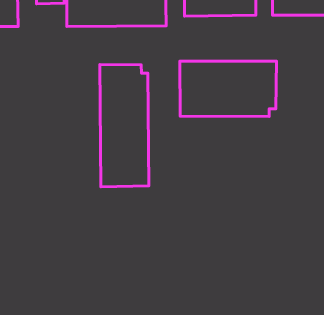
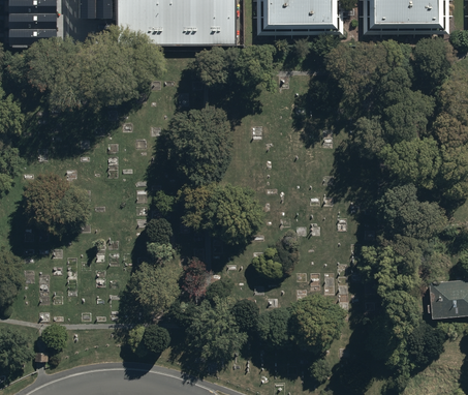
building: [180,61,276,116] -> none
building: [100,64,149,187] -> none

